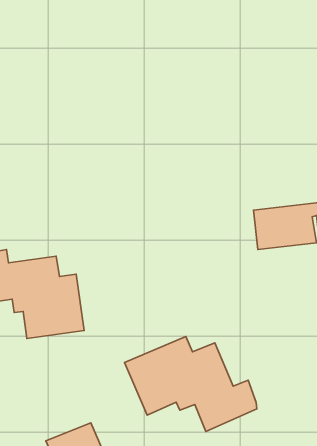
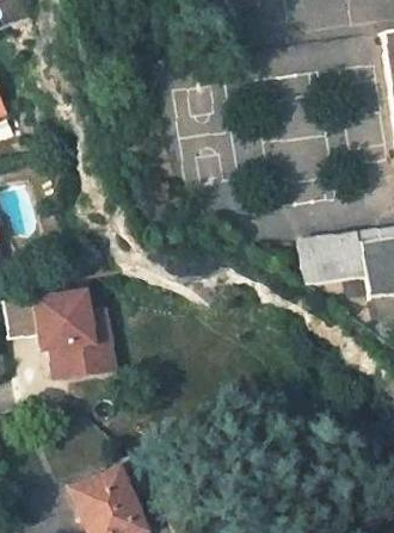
building: [124,336,257,431] -> none

